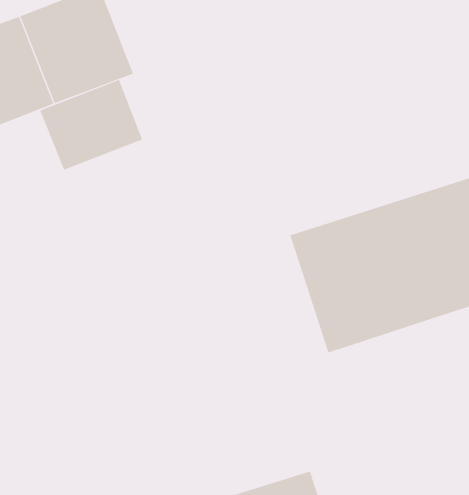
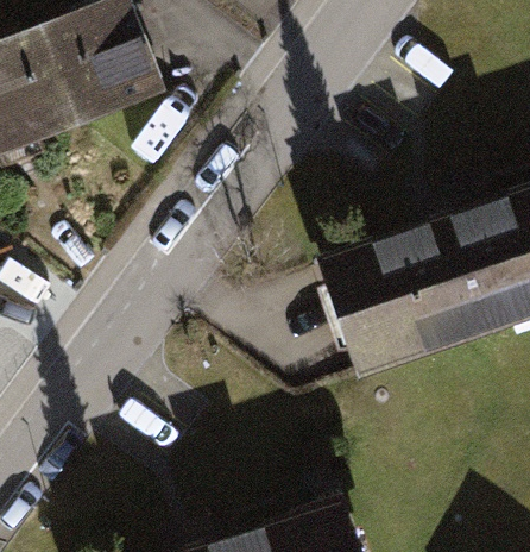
building: [39,79,143,170] -> none

